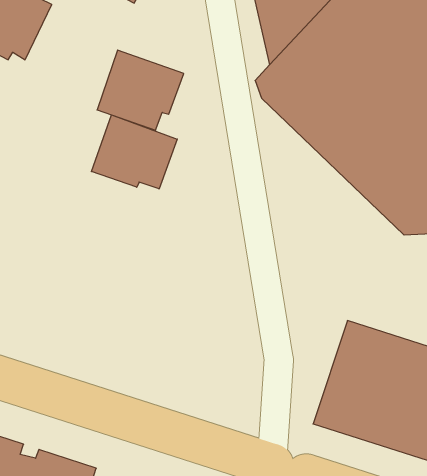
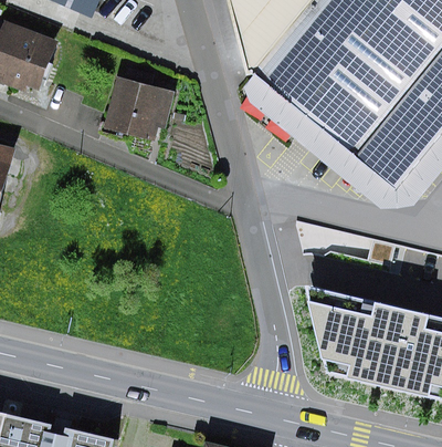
building: [91,115,177,189] -> none

